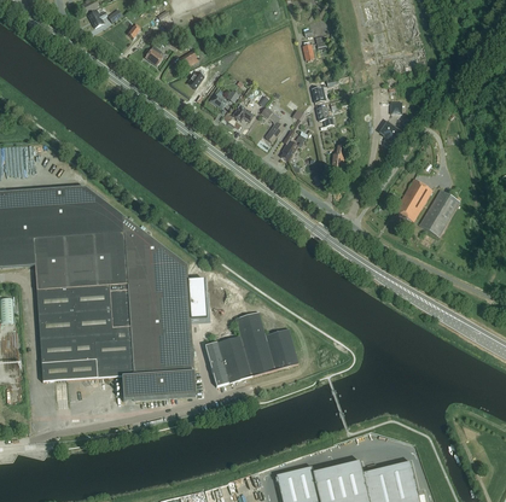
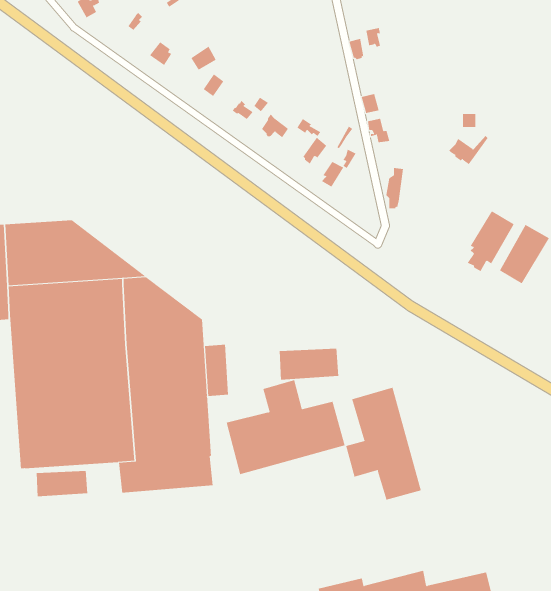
building: none -> [279,348,339,381]
building: none -> [346,387,422,501]
building: none -> [36,470,88,497]

